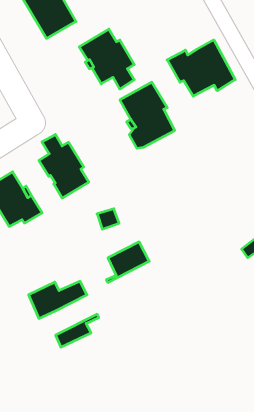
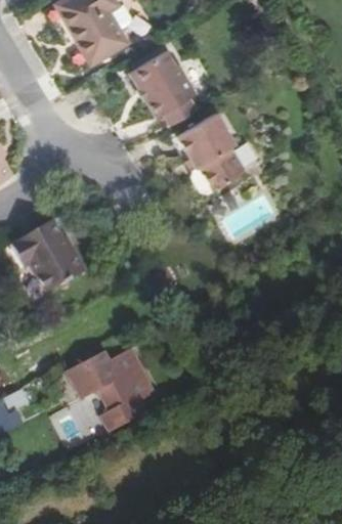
building: [167,40,235,96] -> none
building: [39,134,89,198] -> none
building: [106,242,149,282] -> [98,372,151,421]

